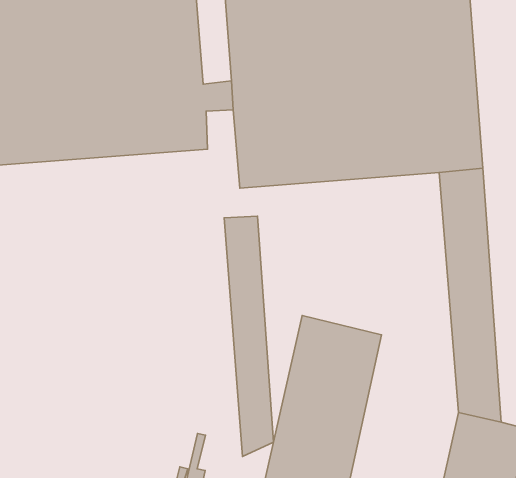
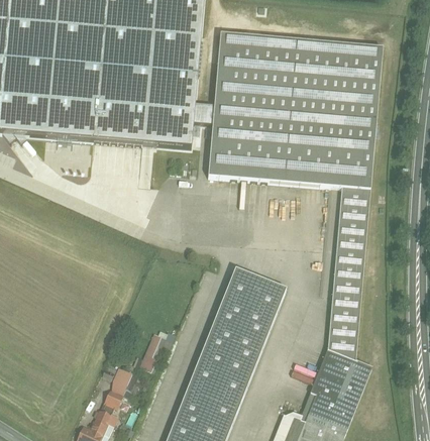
building: [224,216,273,457] -> none

